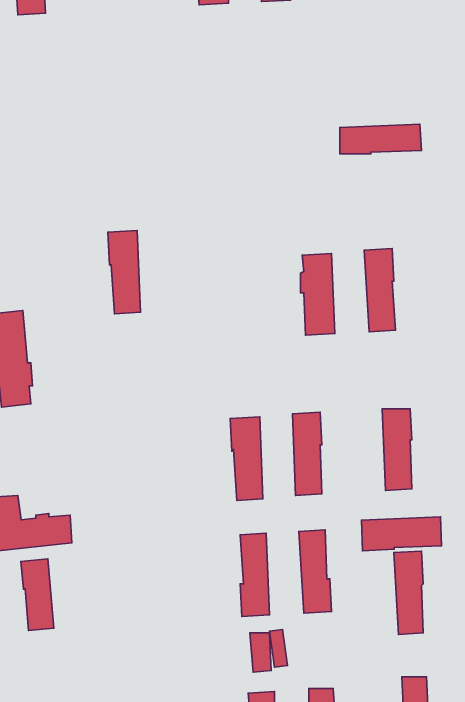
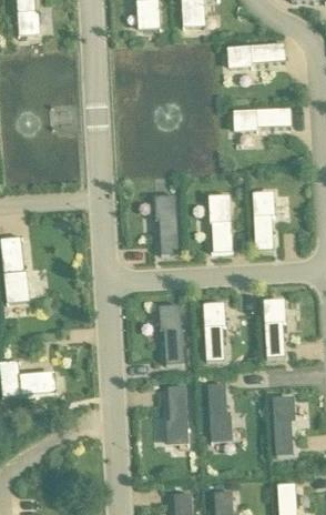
building: none -> [228,42,285,64]
building: [108,230,141,314] -> [156,196,179,253]
building: [361,517,442,551] -> none
building: [21,559,54,630] -> none

